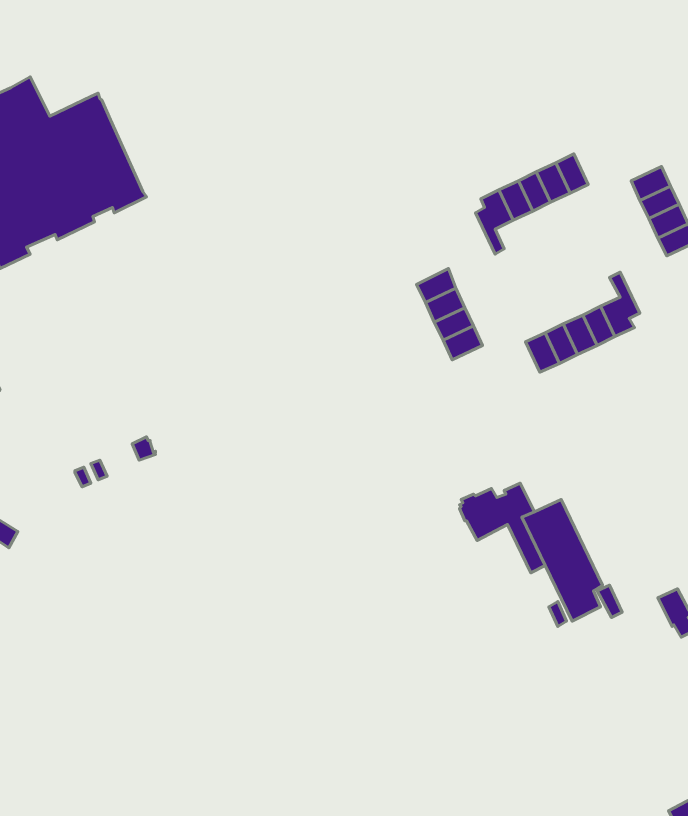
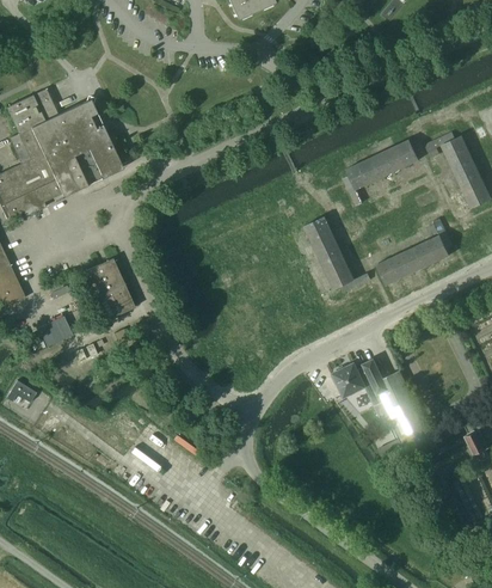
building: none -> [424,133,467,158]
building: none -> [84,258,135,320]
building: none -> [327,268,370,293]
building: none -> [38,317,73,347]

